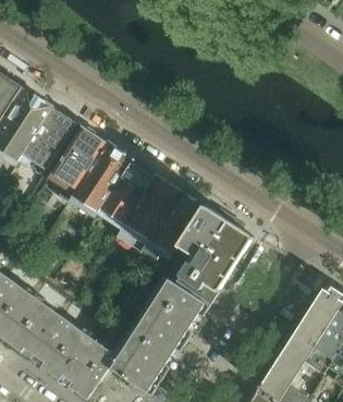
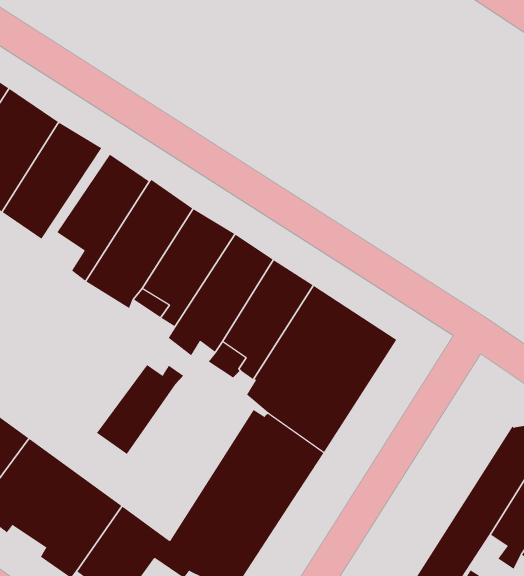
building: none -> [96,364,184,455]

